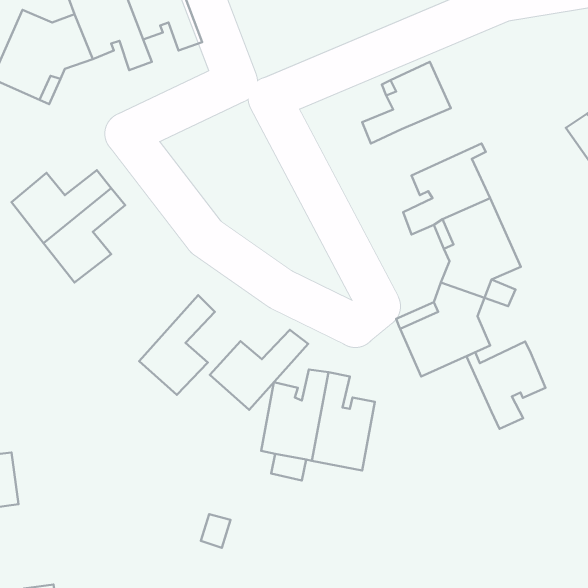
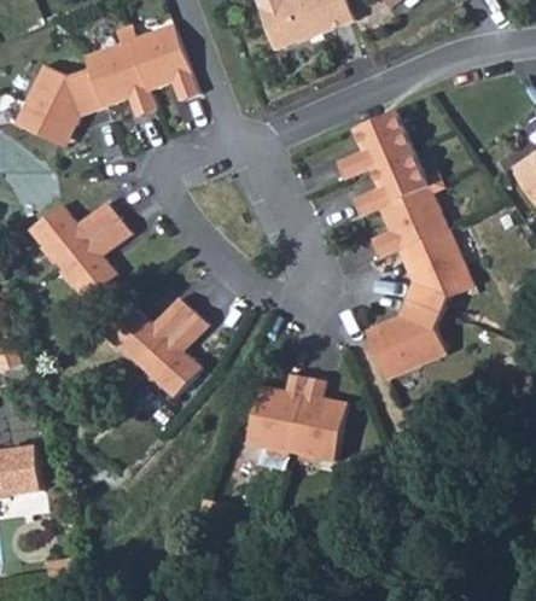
building: none -> [351,150,438,216]
building: [210,330,308,410] -> [110,298,194,367]
building: [467,342,545,429] -> none

